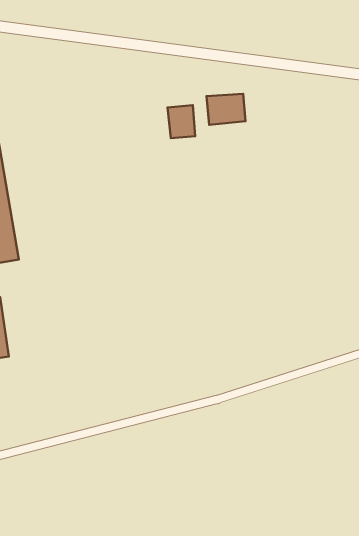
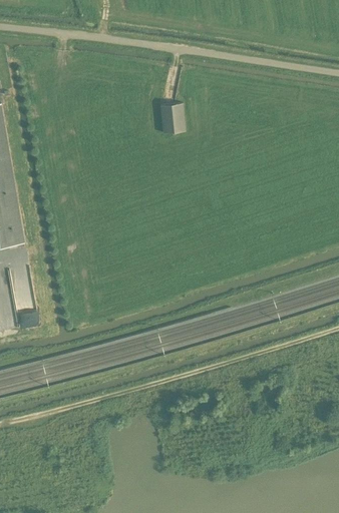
building: [207,94,245,125] -> none

